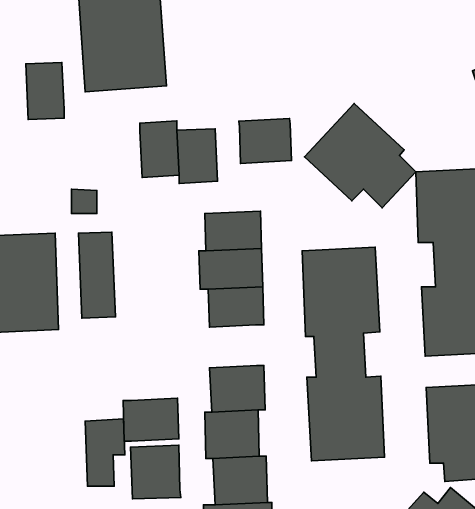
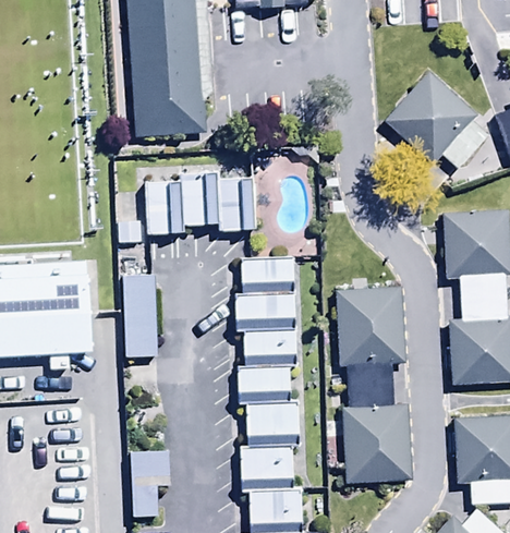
building: [26,63,64,119] -> [148,174,184,228]
building: [304,103,416,208] -> [384,72,488,170]
building: [239,118,291,164] -> none
building: [123,398,179,441] -> [240,356,292,397]
building: [131,445,181,499] -> none

